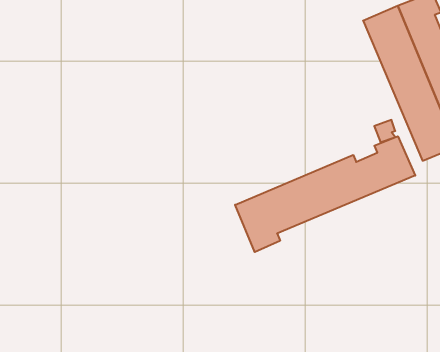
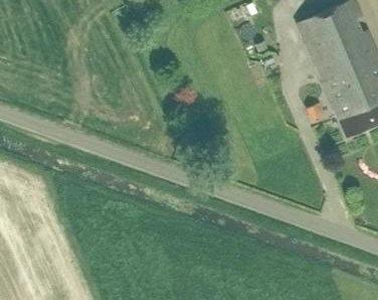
building: [235,136,415,252] -> none

